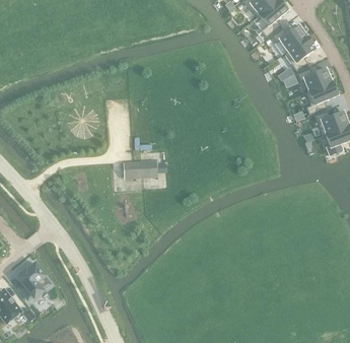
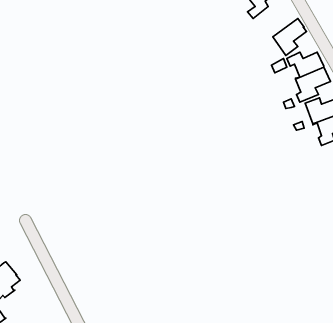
building: [271,23,306,52] -> none
building: [123,158,156,177] -> none

